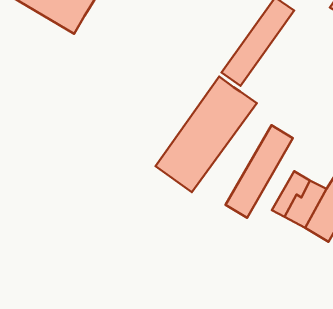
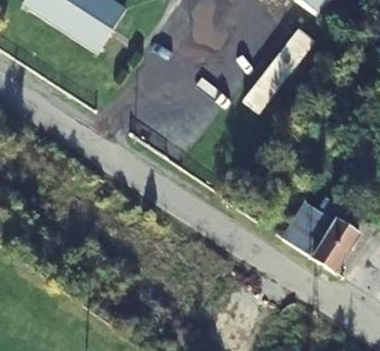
building: [155,77,257,192] -> none
building: [226,125,293,218] -> none

